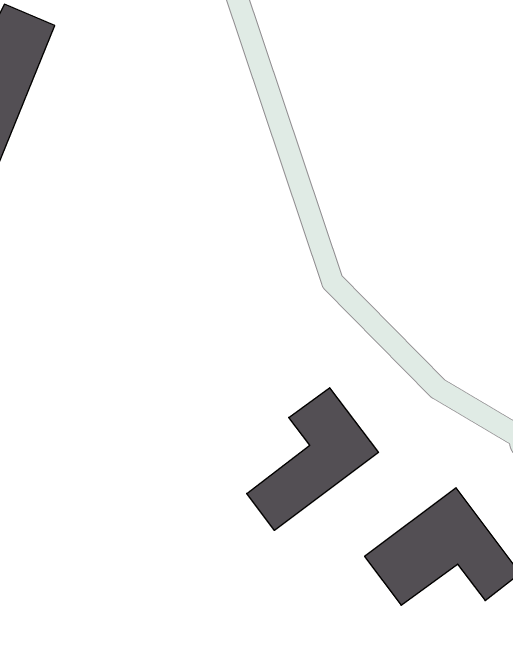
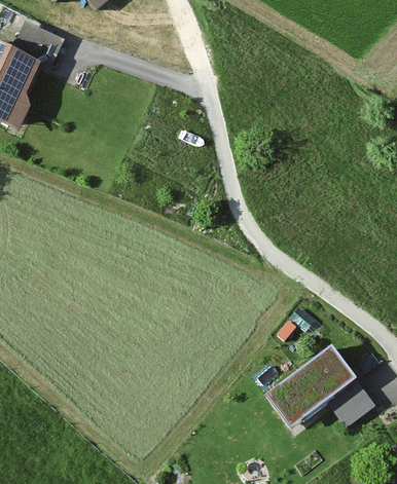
building: [247,388,378,530] -> none

